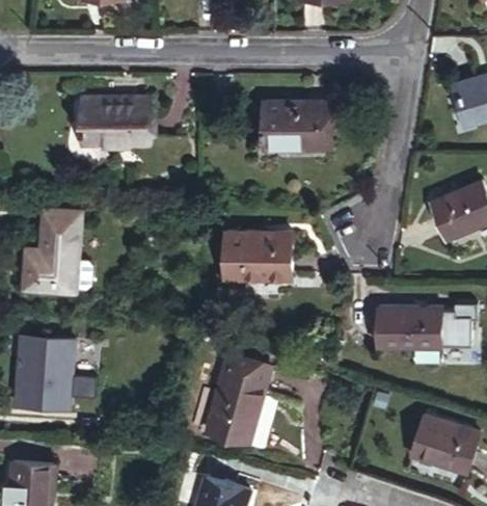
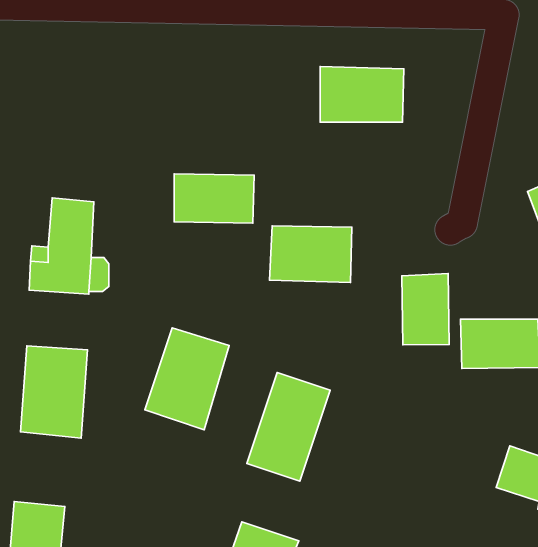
building: [85,100,151,140] -> [174,174,254,223]
building: none -> [402,274,449,345]
building: none -> [145,328,229,430]

